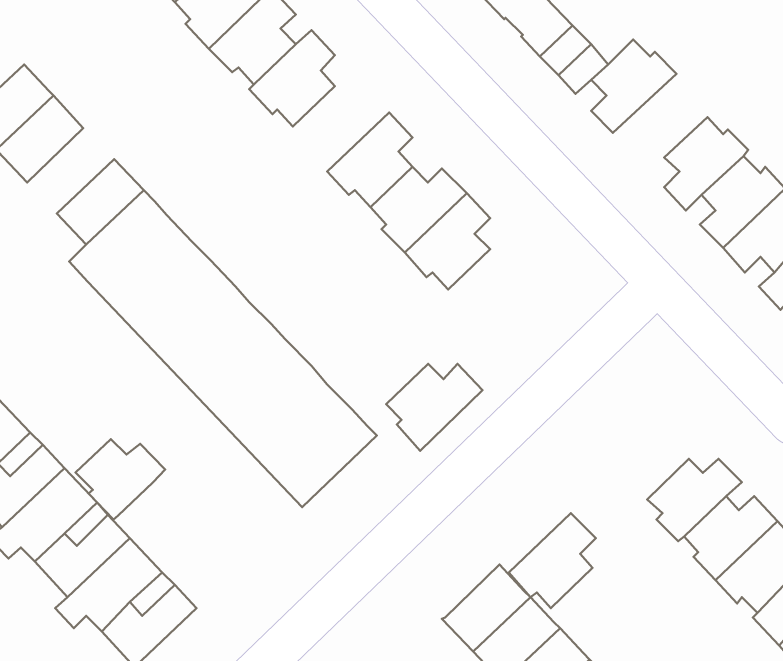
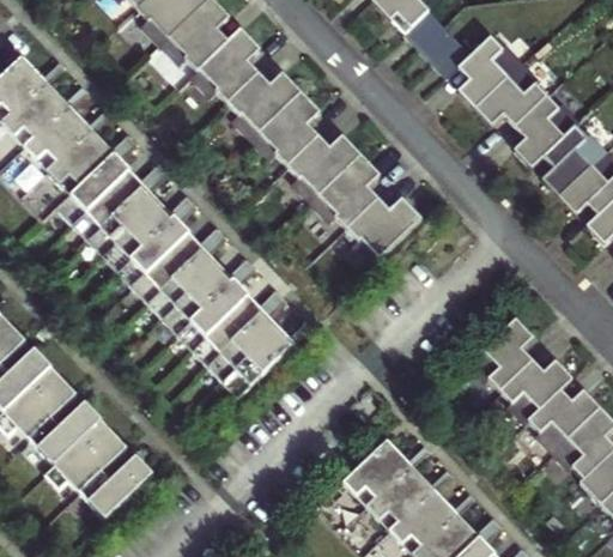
building: none -> [474,61,547,126]
building: none -> [227,71,302,137]
building: none -> [23,103,90,169]
building: [386,364,482,451] -> [347,196,421,264]
building: [76,439,165,519] -> none
building: [509,513,596,608] -> [468,316,535,389]

